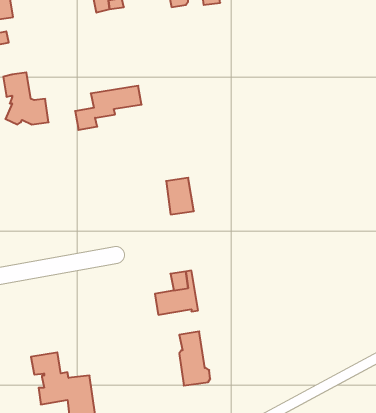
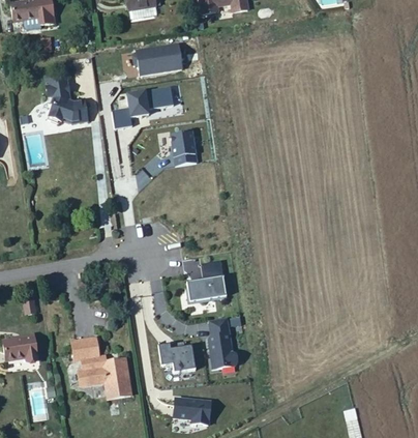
building: none -> [132,43,182,75]
building: [166,178,194,214] -> [171,130,197,165]
building: none -> [158,345,196,373]

